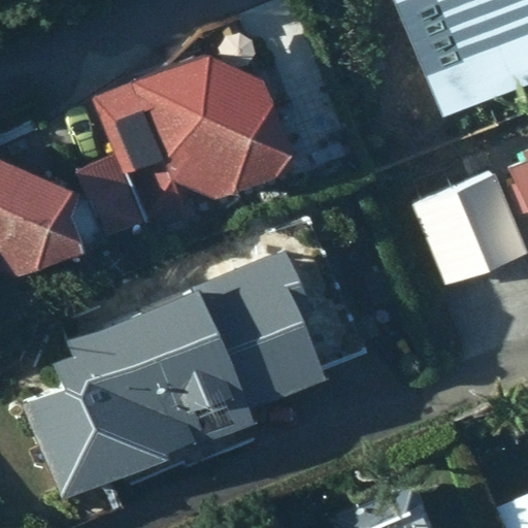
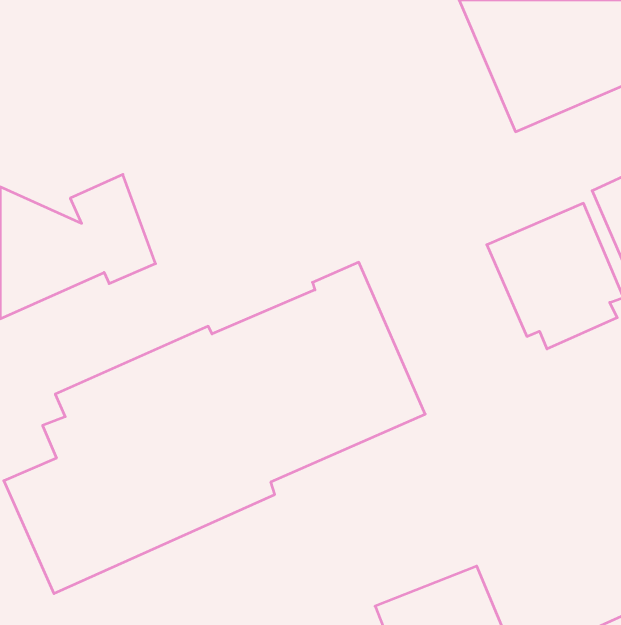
building: [95,52,287,230] -> none

